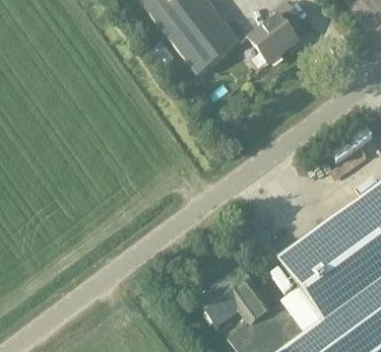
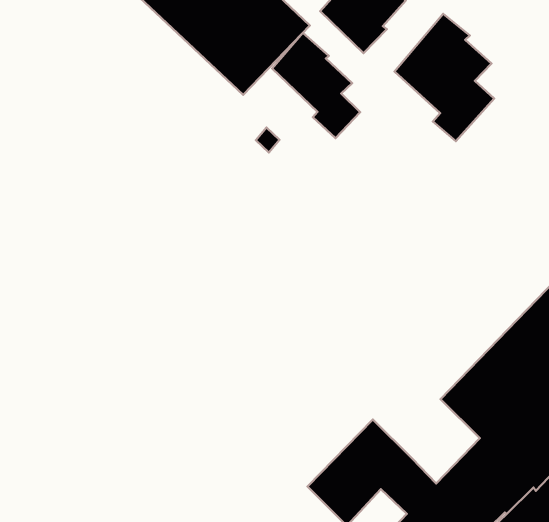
building: none -> [272,33,360,138]
building: none -> [394,14,494,141]

